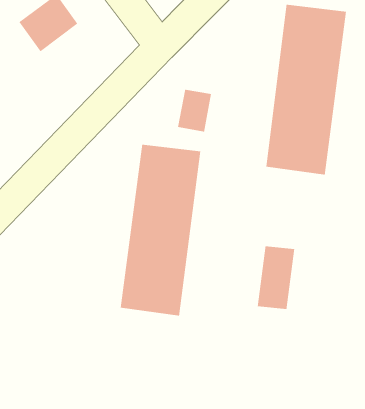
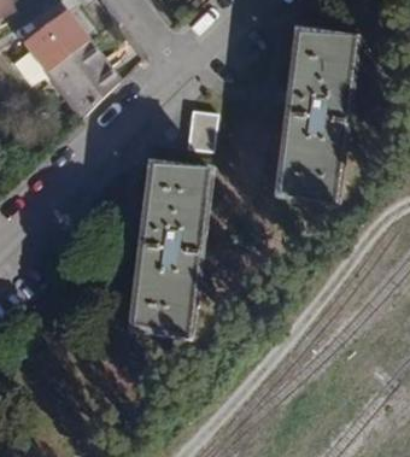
building: none -> [47,42,116,117]
building: [257,246,295,310] -> none

